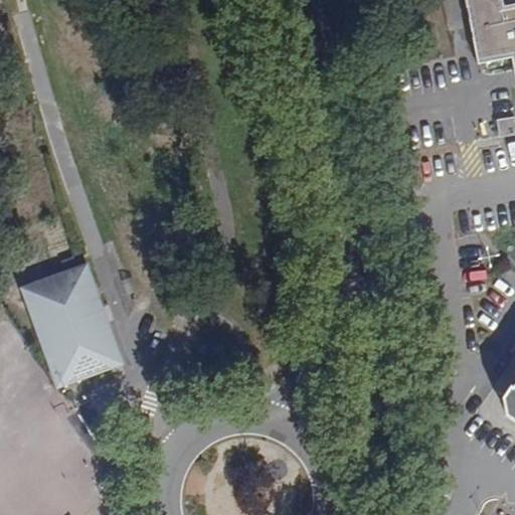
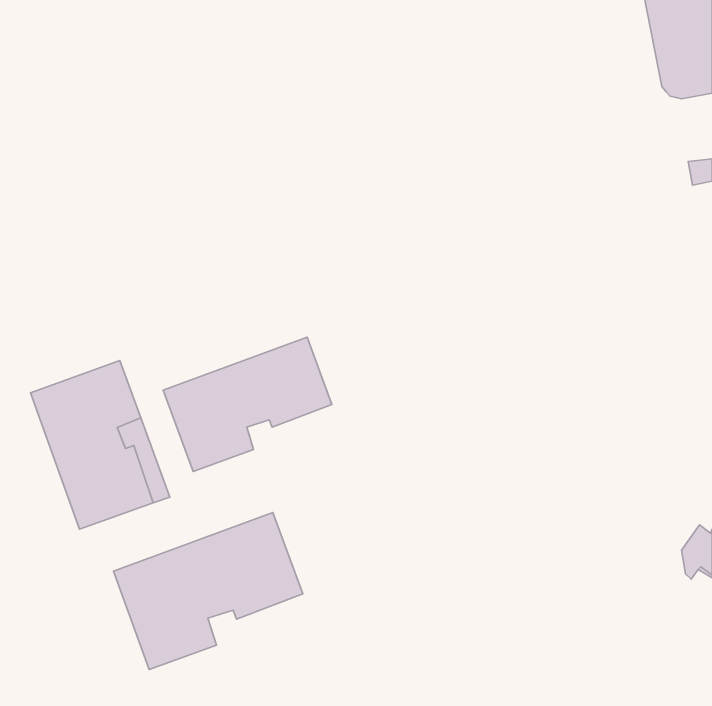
building: none -> [163,337,332,471]
building: none -> [113,512,303,669]

